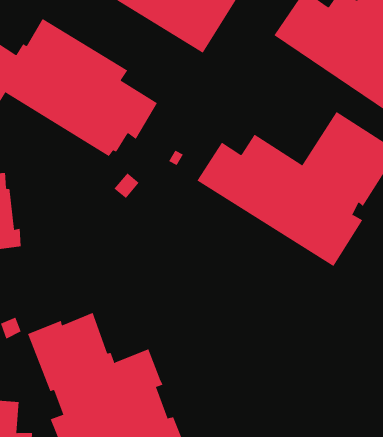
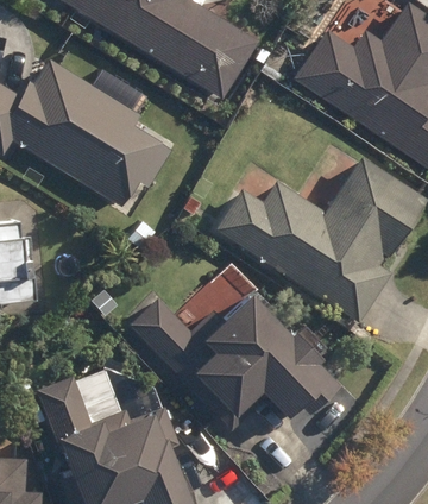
building: none -> [127,295,338,428]

